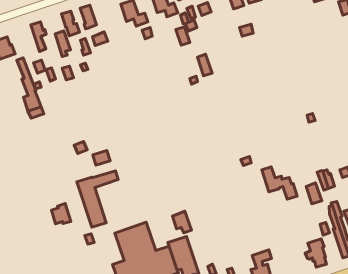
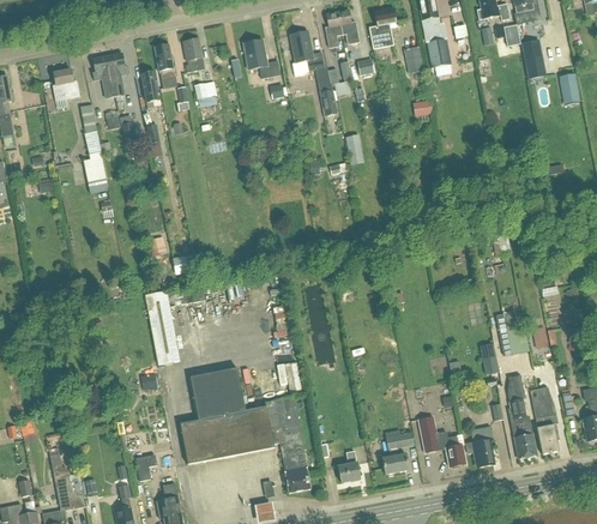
building: none -> [92,55,115,97]
building: [262,167,297,199] -> [418,416,465,466]
building: [51,204,71,224] -> none

